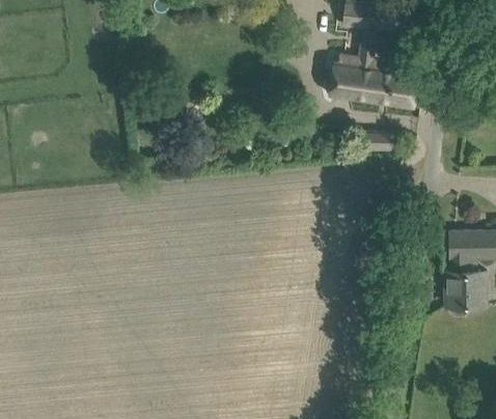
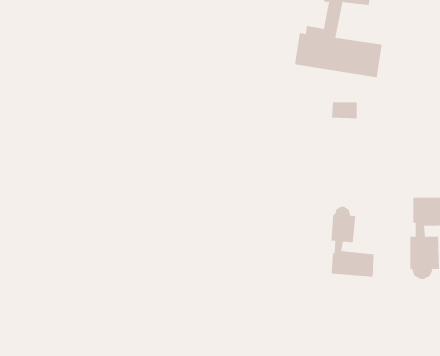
building: none -> [331,206,374,277]

